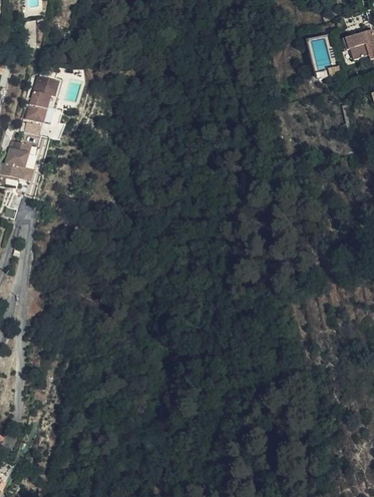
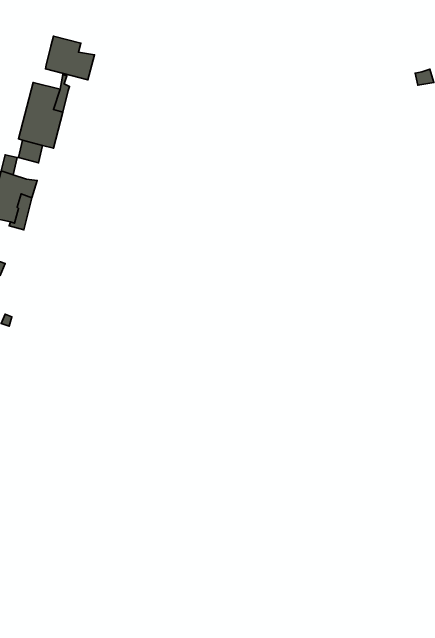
building: none -> [45,36,94,80]

